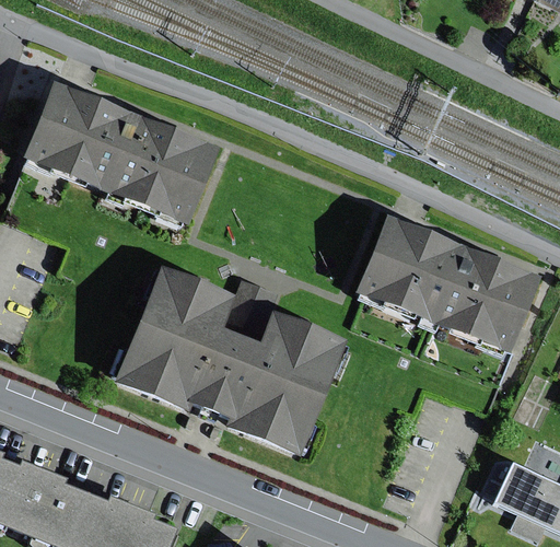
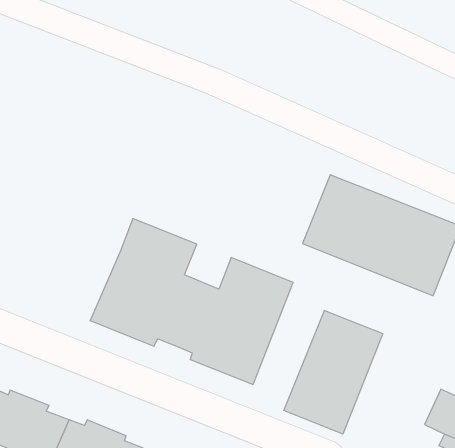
building: [23,80,220,226] -> none
building: none -> [284,310,383,434]

